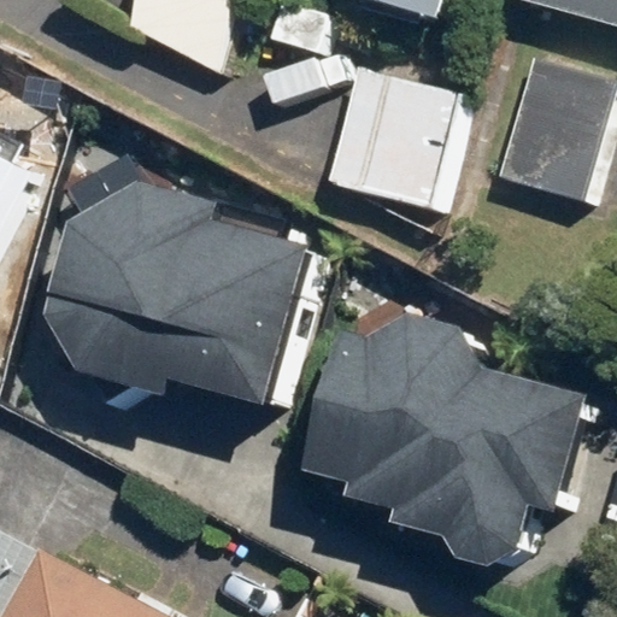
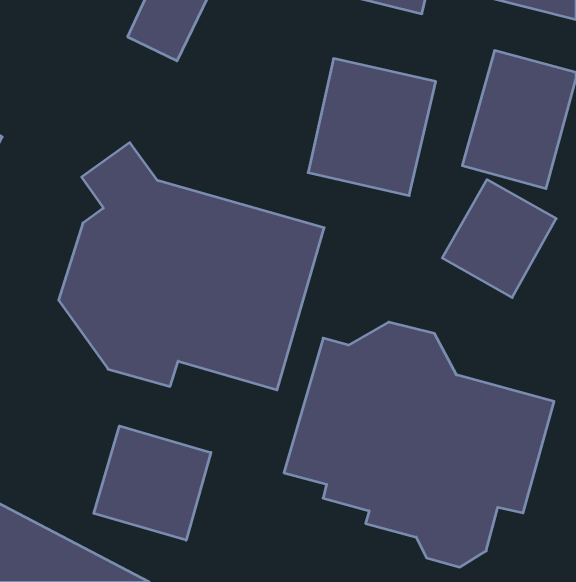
building: none -> [442,180,556,298]
building: none -> [94,426,211,540]

